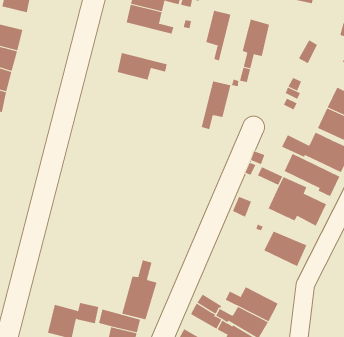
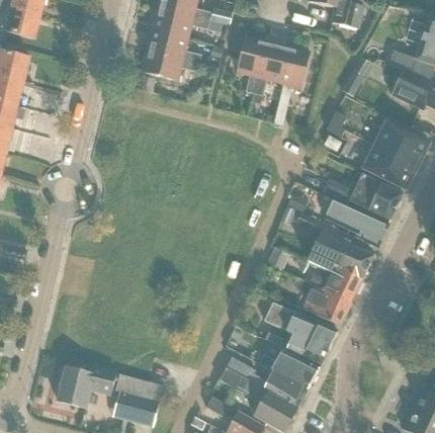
building: [117,52,168,80] -> [141,50,198,81]
building: [201,81,231,130] -> [252,40,286,96]
building: none -> [308,269,361,301]
building: none -> [264,301,338,364]
building: [122,259,157,320] -> none

